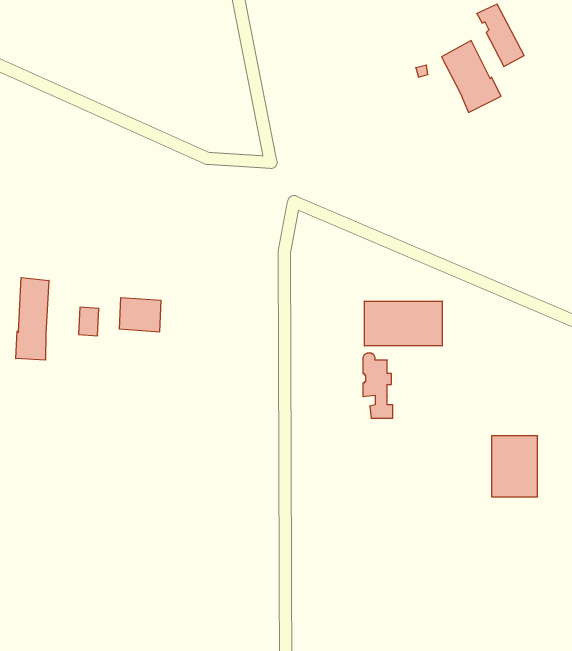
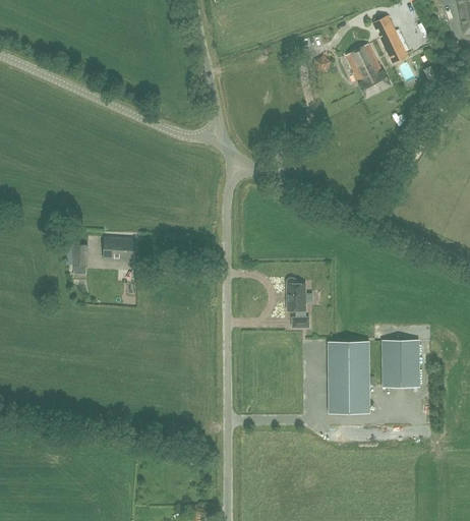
building: [16,278,49,360] -> none
building: [364,301,442,346] -> none
building: none -> [327,340,368,413]

